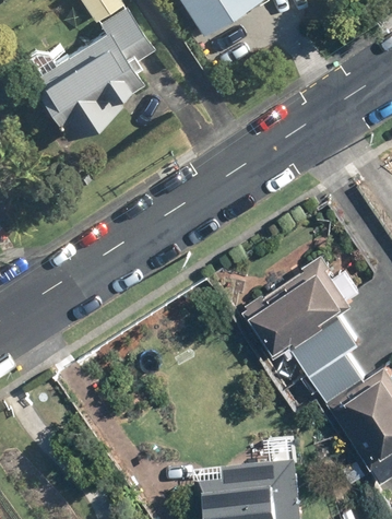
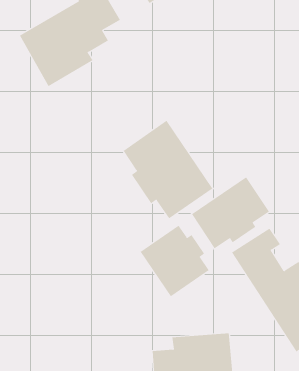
building: none -> [123,120,213,219]
building: none -> [140,225,209,297]

